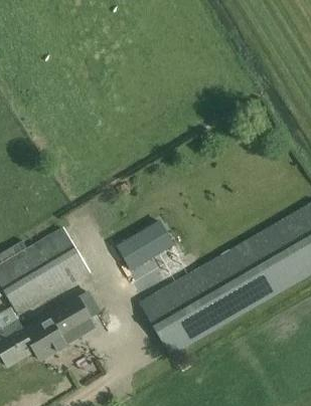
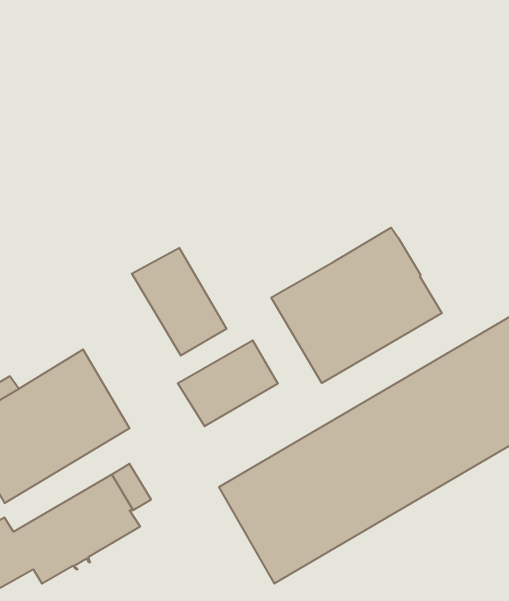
building: none -> [271,228,442,383]
building: none -> [132,248,226,356]

